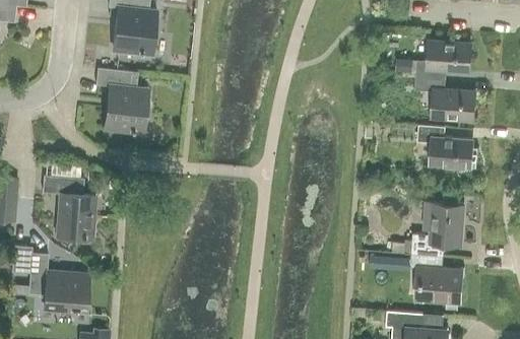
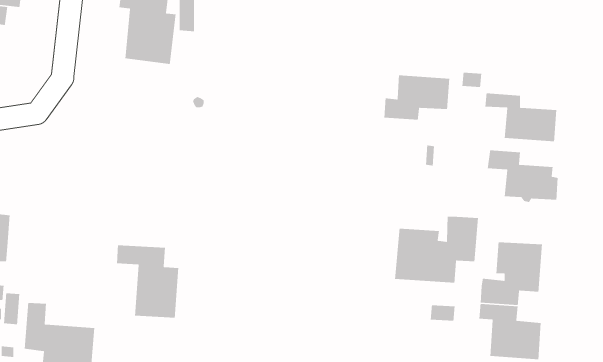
building: [415,42,471,80] -> [383,75,450,121]
building: [95,69,147,133] -> none
building: [42,177,94,239] -> [116,245,179,318]
building: none -> [394,216,479,284]

